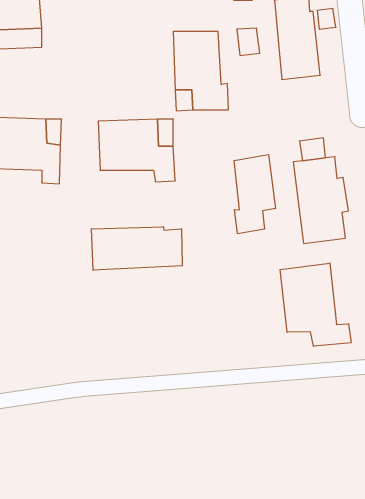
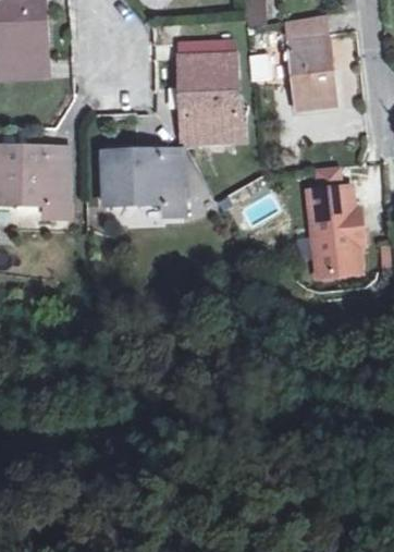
building: [234,155,275,234] -> none
building: [92,227,182,270] -> none
building: [280,263,351,346] -> none

